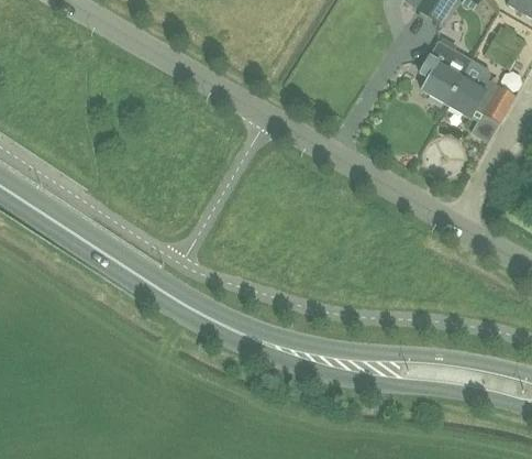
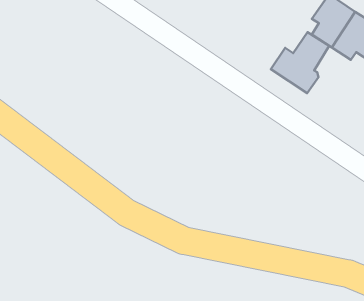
building: none -> [271,32,329,93]

